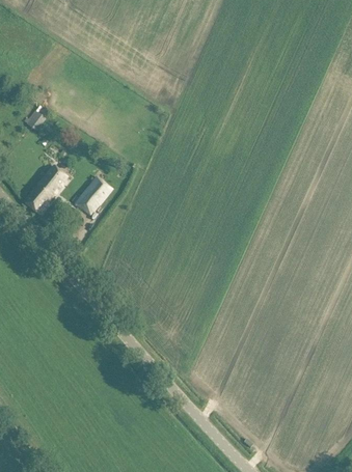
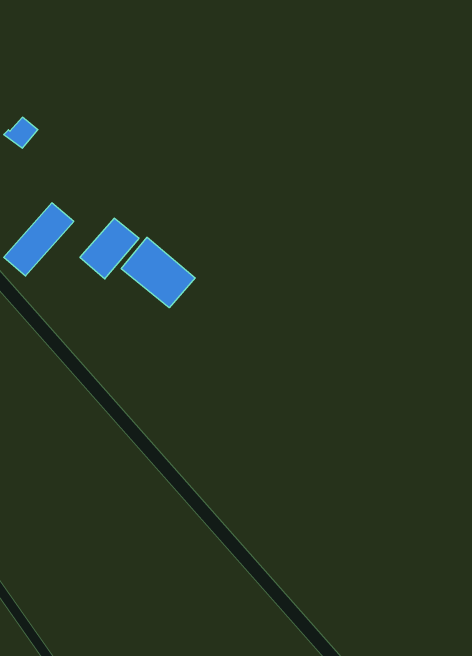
building: none -> [121,237,195,308]

